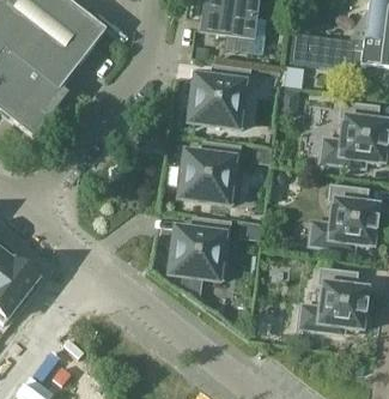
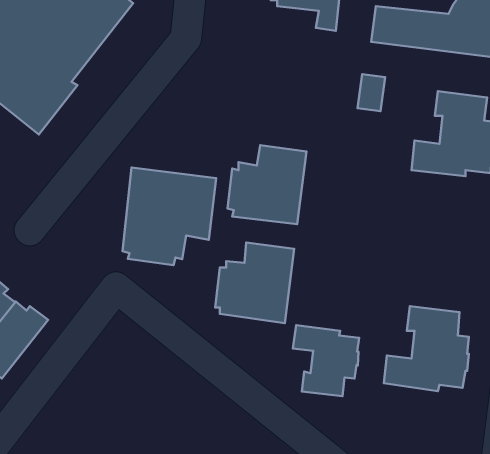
building: [188,64,249,126] -> none
building: none -> [123,168,216,265]
building: [310,182,376,247] -> none
building: none -> [293,325,359,396]

